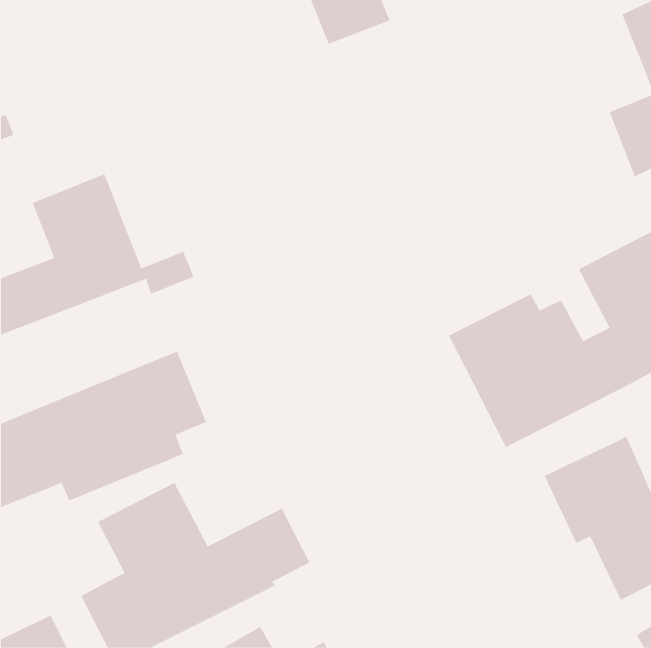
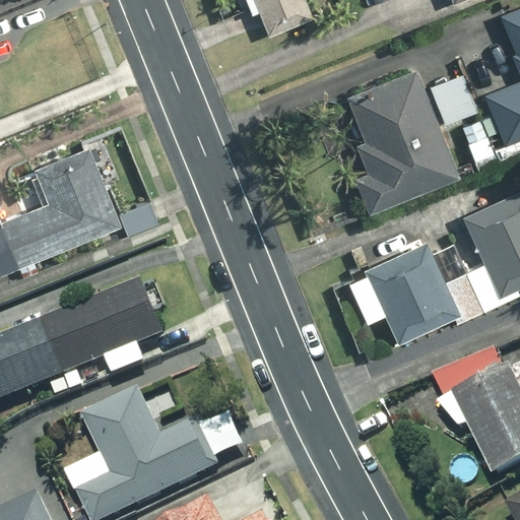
building: none -> [325,67,491,207]

